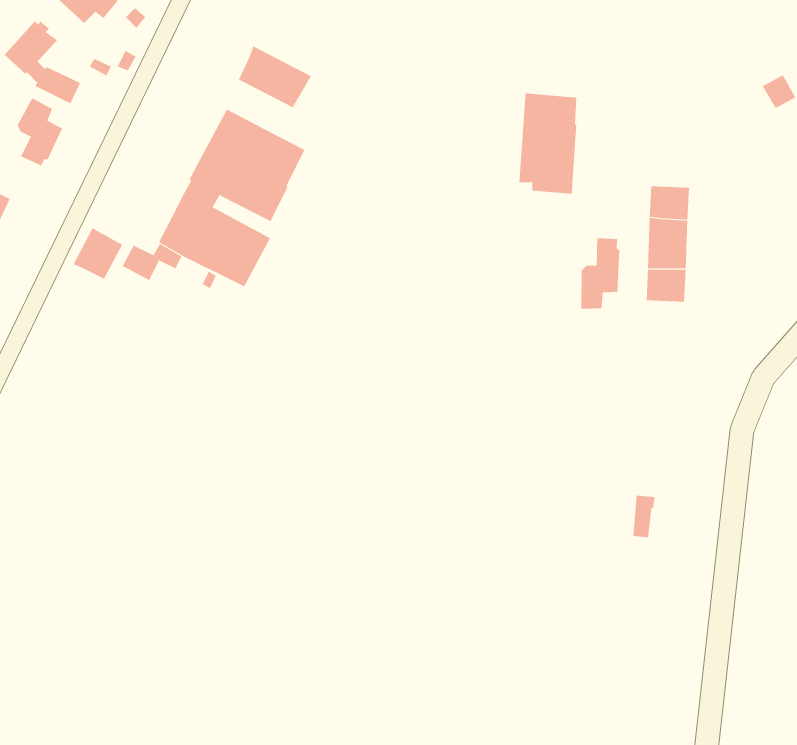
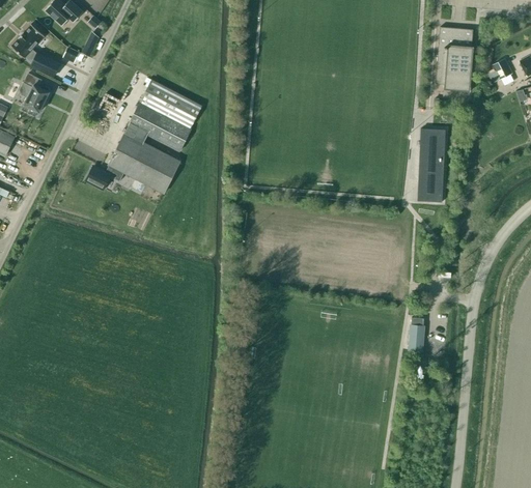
building: [238,45,312,108] -> none
building: [518,93,577,194] -> [436,27,473,91]
building: [73,227,123,279] -> none
building: [581,237,620,309] -> none

